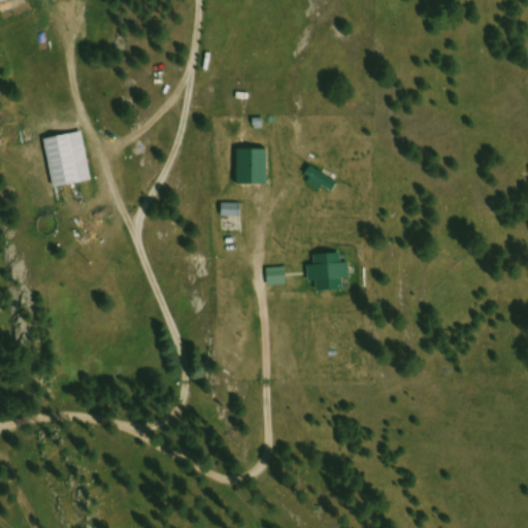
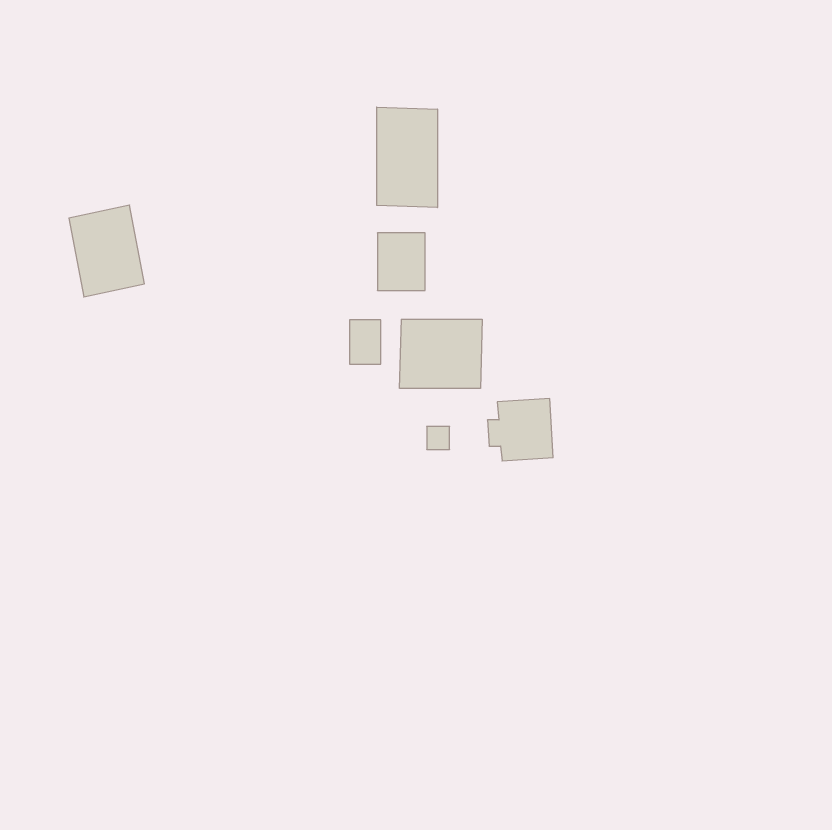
building: none -> [377,107,437,208]
building: none -> [400,319,482,388]

